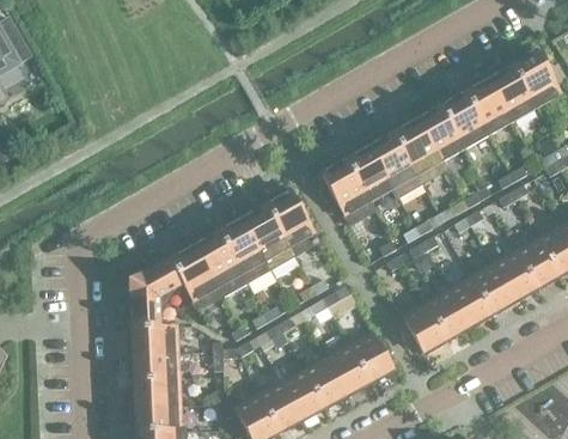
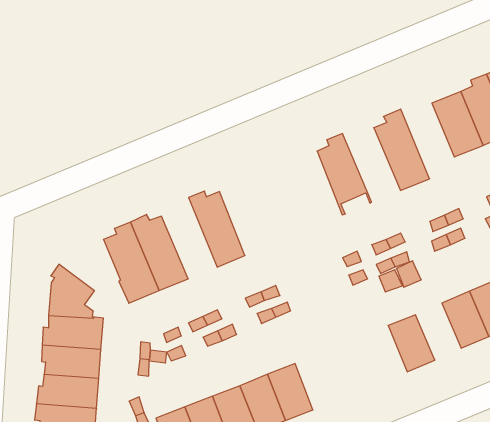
building: [414,104,465,170] -> none
building: [366,132,422,196] -> none
building: [317,158,374,224] -> none
building: [265,184,319,256] -> none
building: [218,212,271,282] -> none
building: [134,257,189,303] -> none
building: [448,276,491,327] -> none
building: [402,301,447,353] -> none
building: [349,331,393,383] -> none

